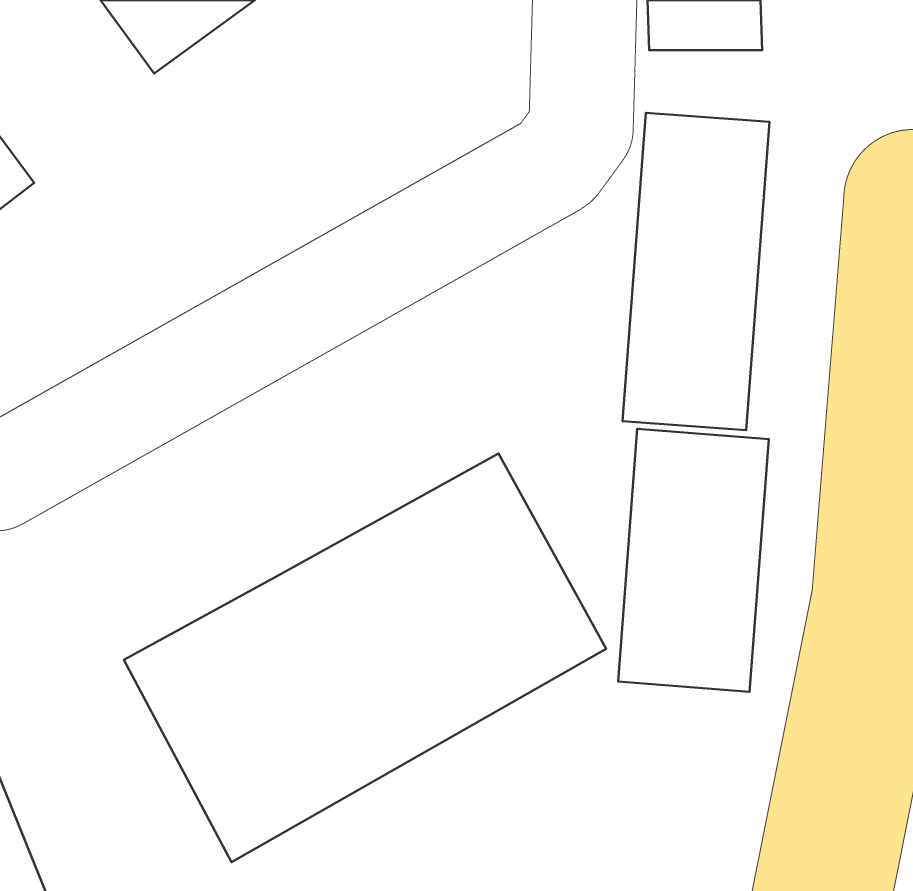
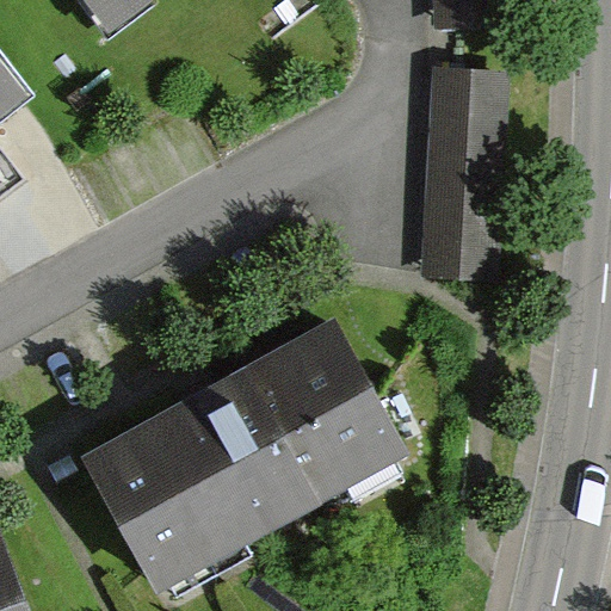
building: [618,429,769,692] -> none

